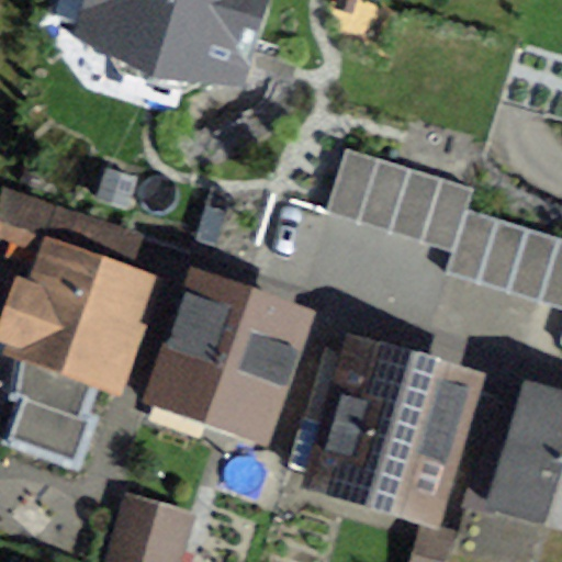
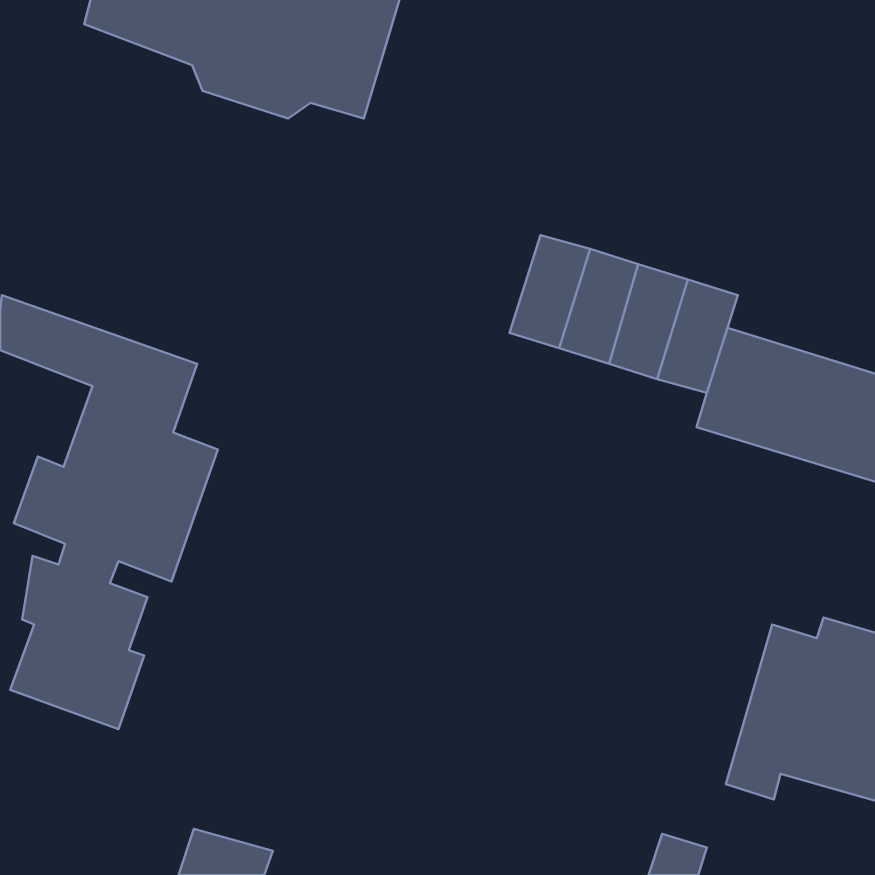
building: [160,294,301,422] -> none
building: [292,350,484,507] -> none

